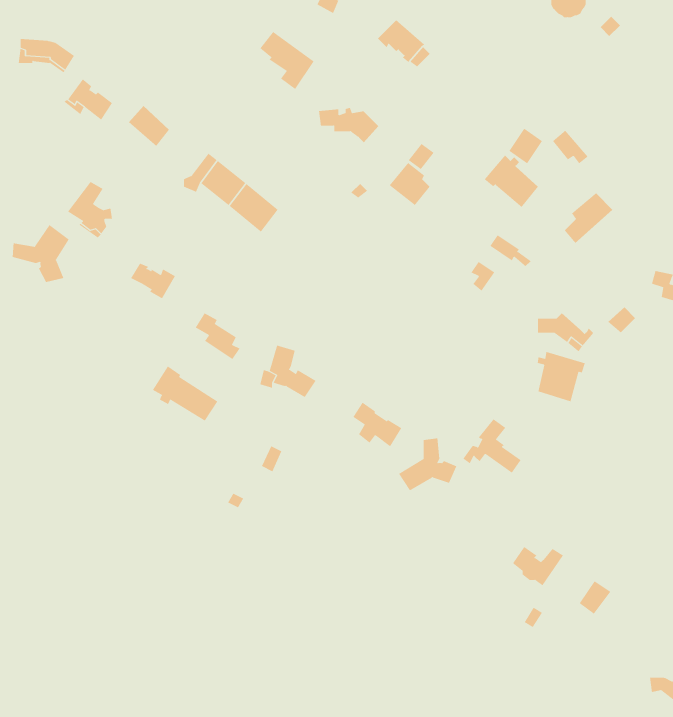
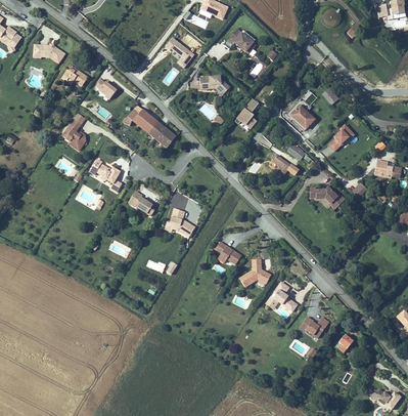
building: [12,224,70,283] -> none
building: [537,351,586,402] -> none
building: [152,366,218,421] -> none
building: [463,418,522,474] -> [266,280,298,309]

